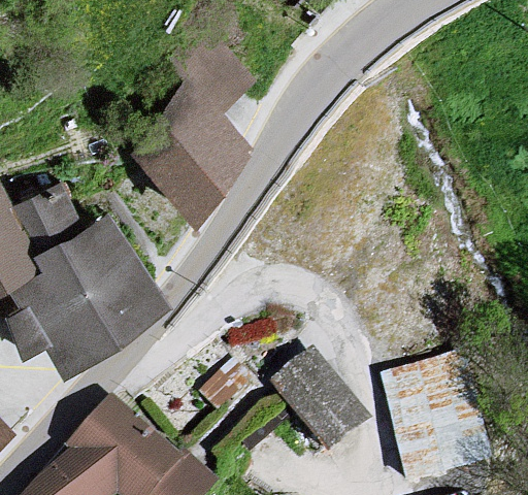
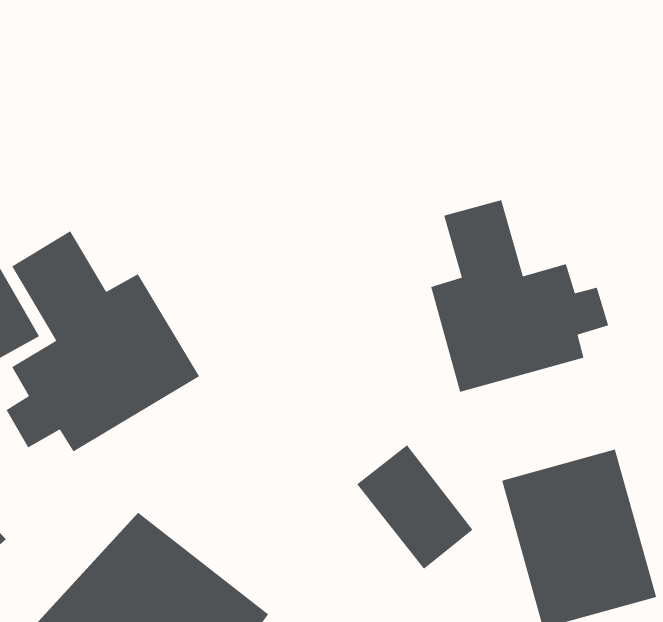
building: [121,48,261,206] -> none
building: none -> [430,199,609,393]

